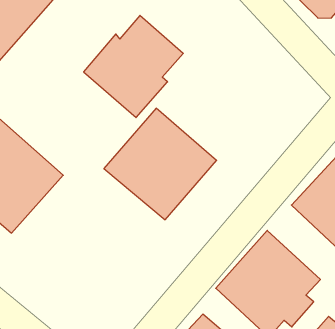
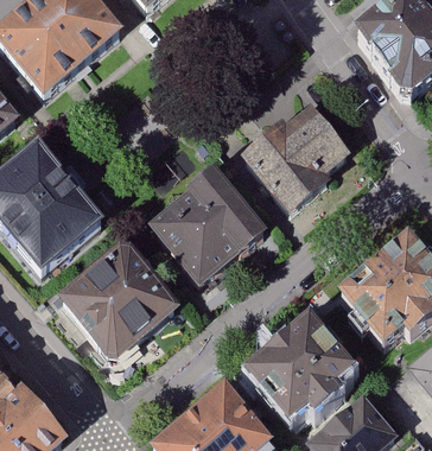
building: [84,15,183,118] -> [244,100,352,207]
building: none -> [58,242,179,351]

